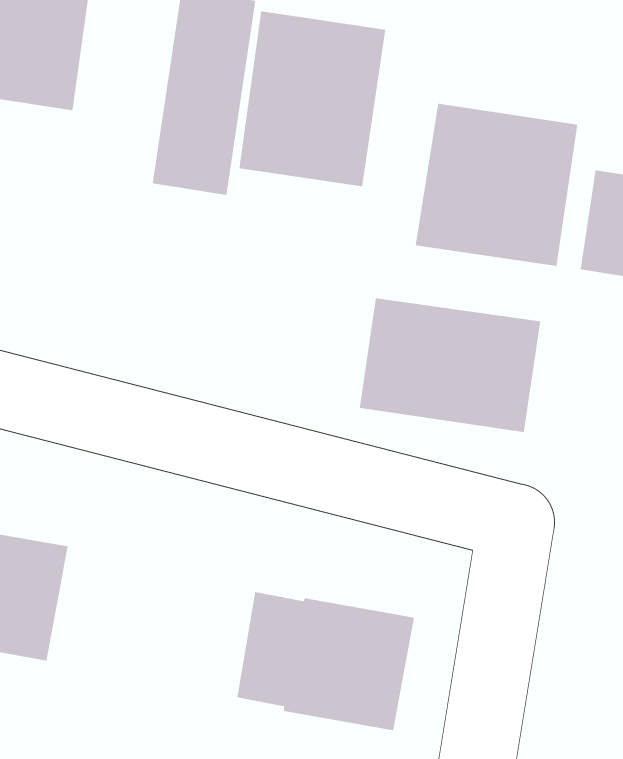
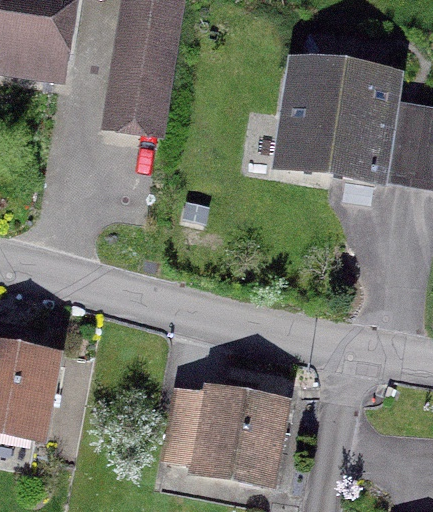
building: [239,10,386,187] -> none
building: [359,297,541,433] -> none

